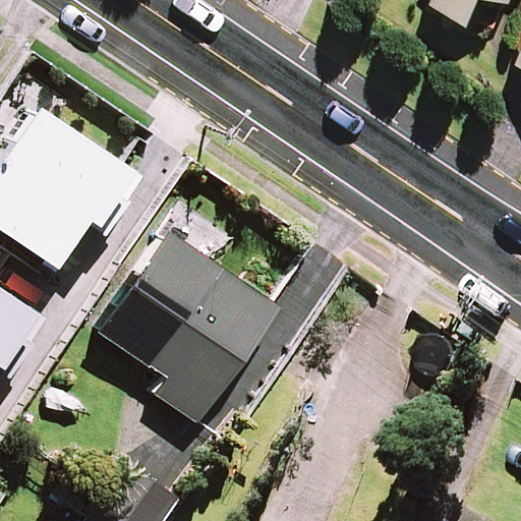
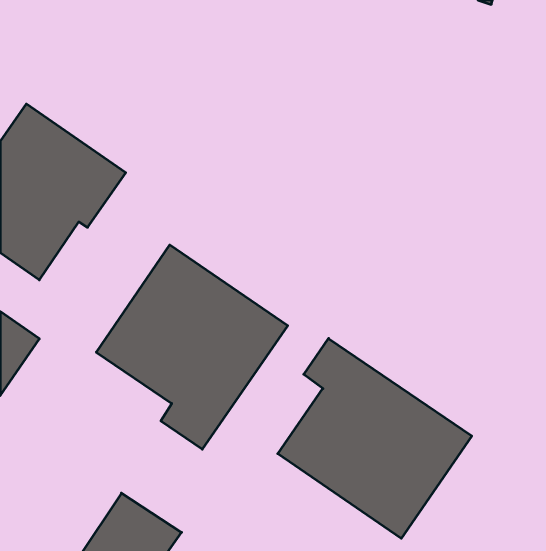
building: none -> [278,338,472,538]

